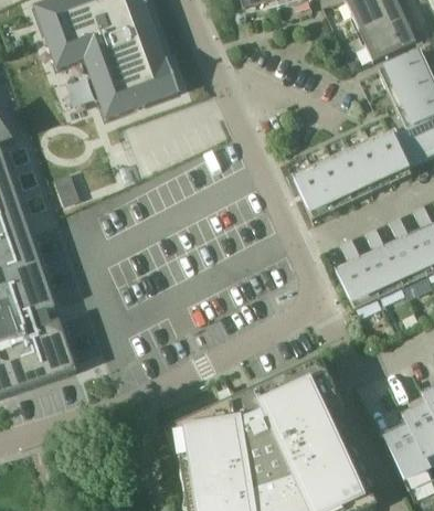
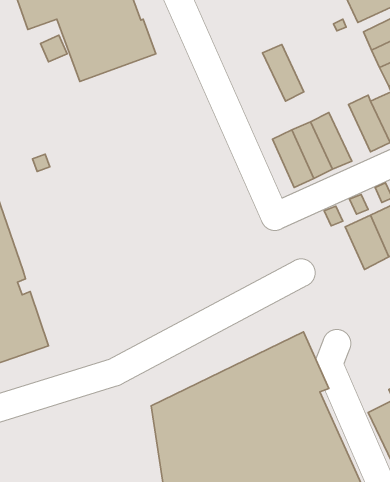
building: [345,139,384,193] -> [262,45,304,101]
building: [335,256,379,308] -> none

